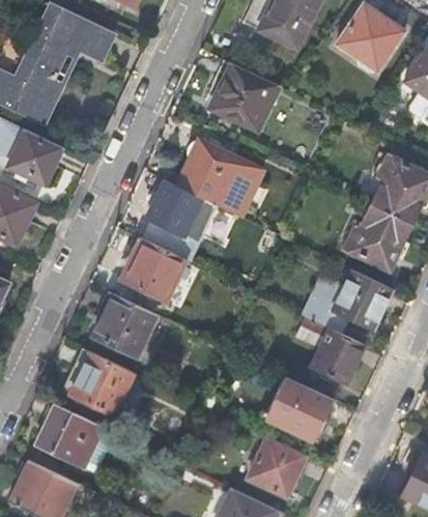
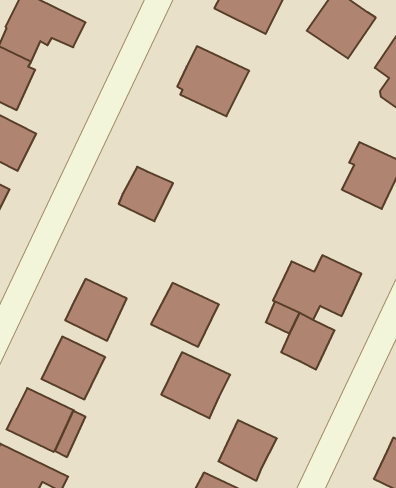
building: [176,141,264,218] -> none
building: [345,204,412,270] -> none
building: [119,238,188,303] -> [151,283,219,347]
building: [264,376,334,442] -> [161,352,230,418]

